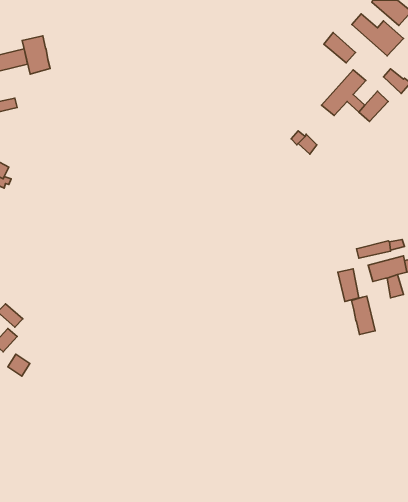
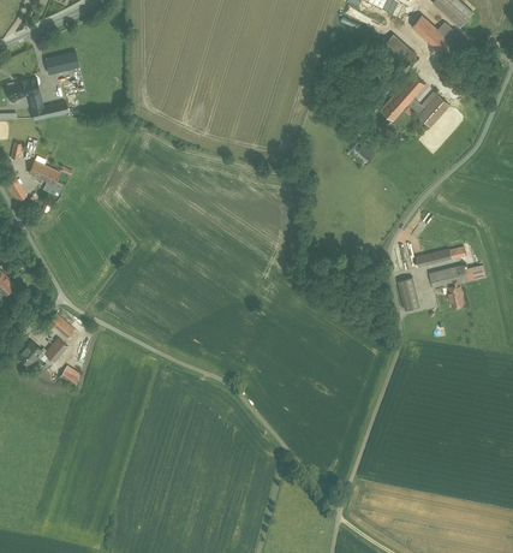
building: [22,36,50,74] -> none
building: [352,296,375,334] -> none

